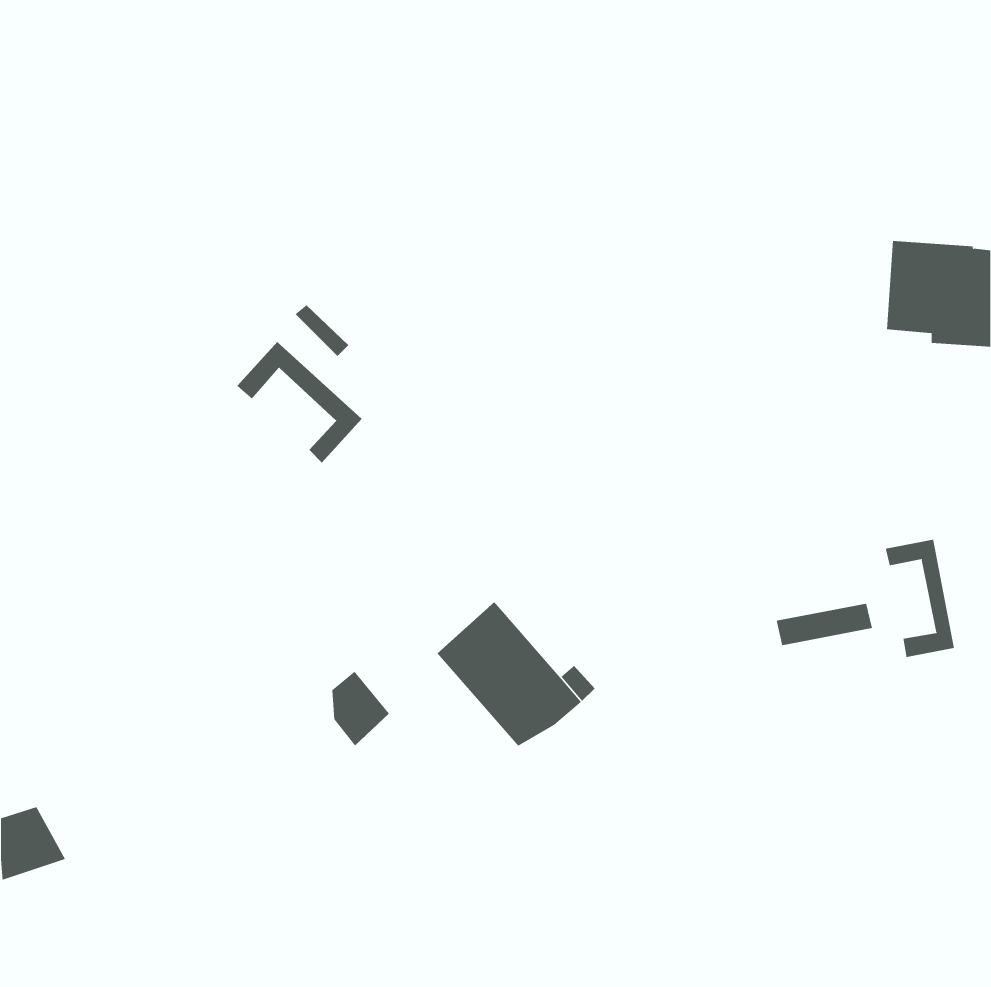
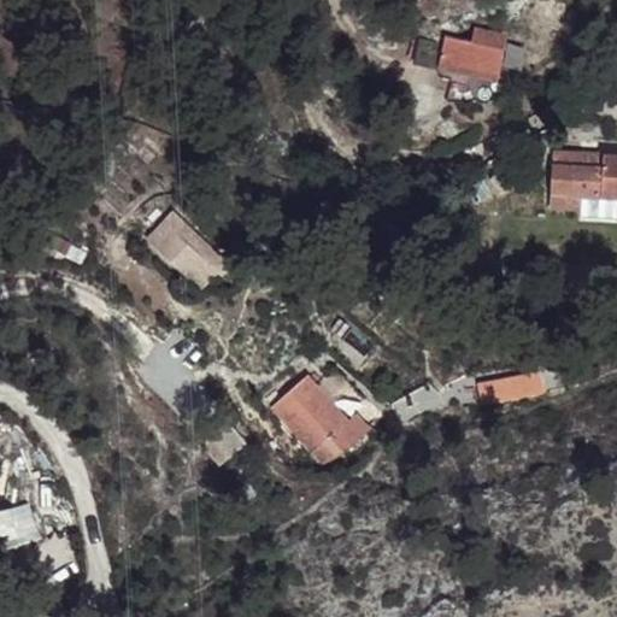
building: none -> [425,28,500,71]
building: none -> [157,229,208,280]
building: [885,539,954,658] -> none

